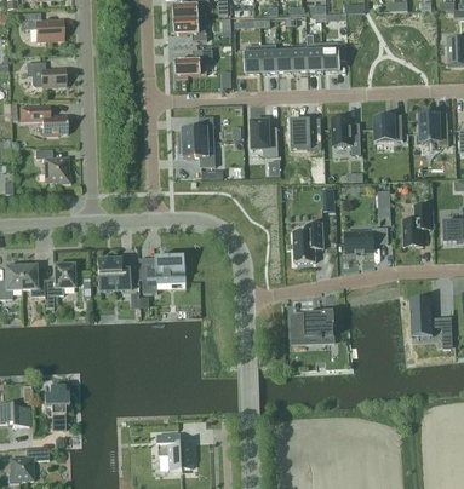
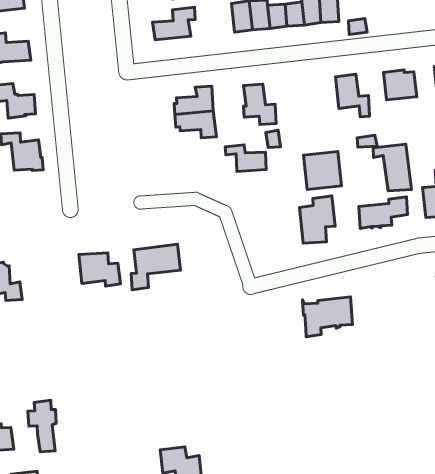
building: [290,117,321,149] -> [304,152,341,189]
building: none -> [225,145,266,171]
building: [46,260,78,307] -> none

